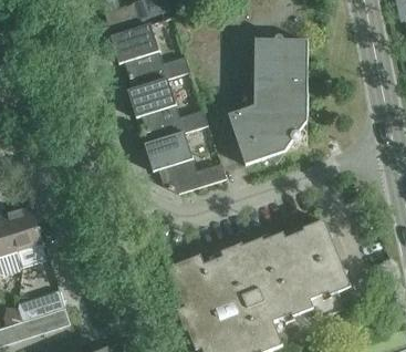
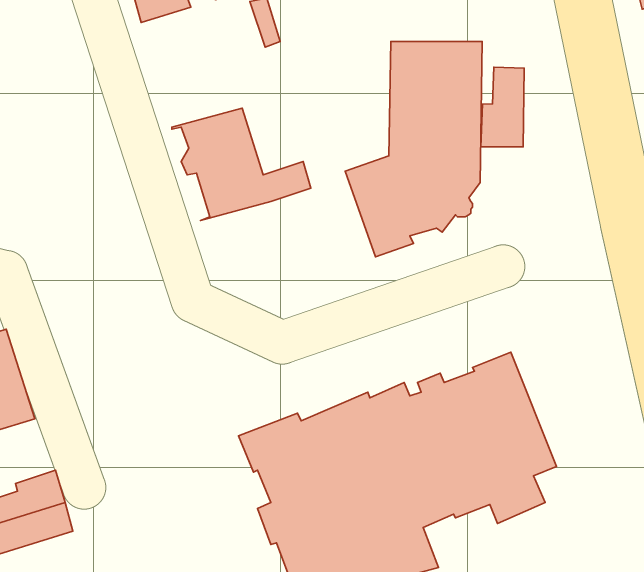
building: [111,23,190,90] -> none
building: none -> [481,67,524,147]
building: [144,133,226,194] -> none

